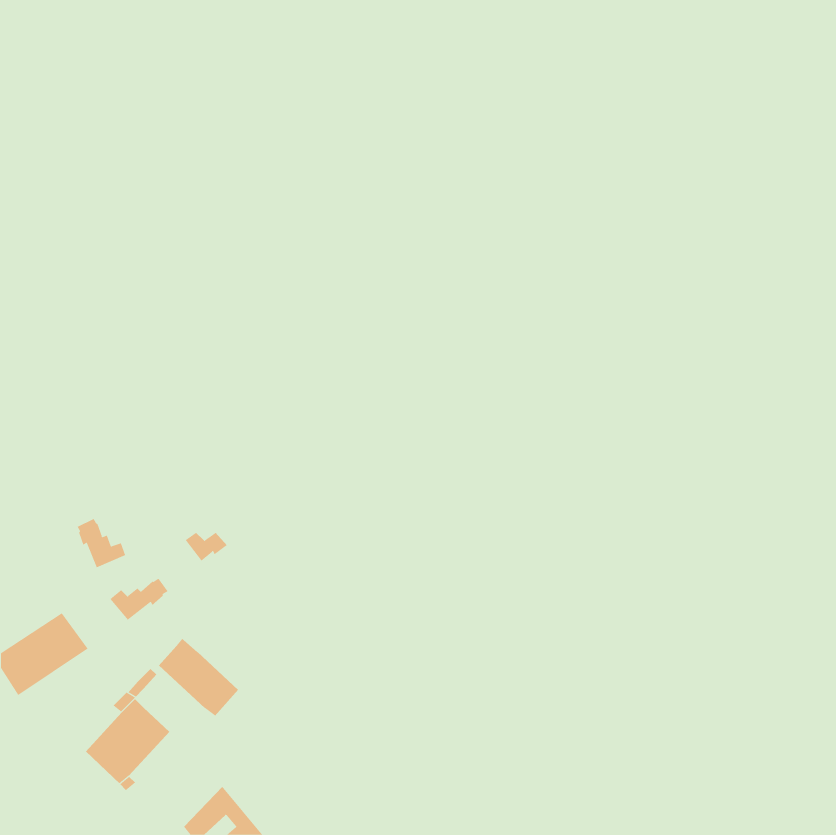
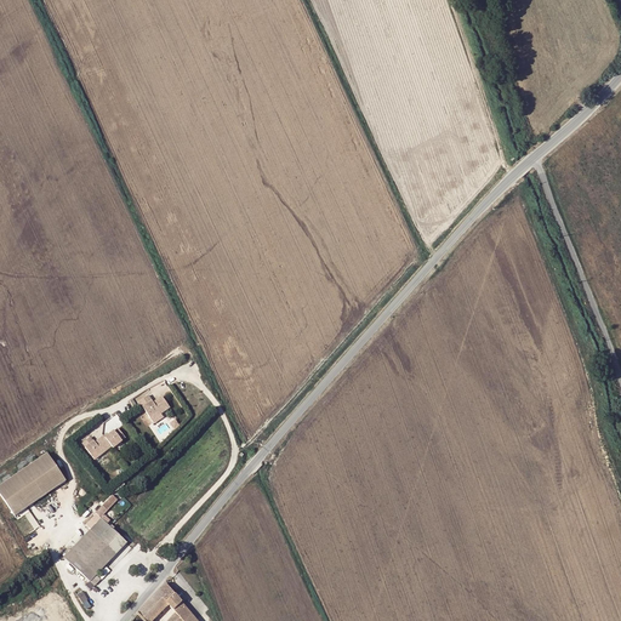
building: [77,518,126,568] -> none
building: [158,637,239,717] -> none

